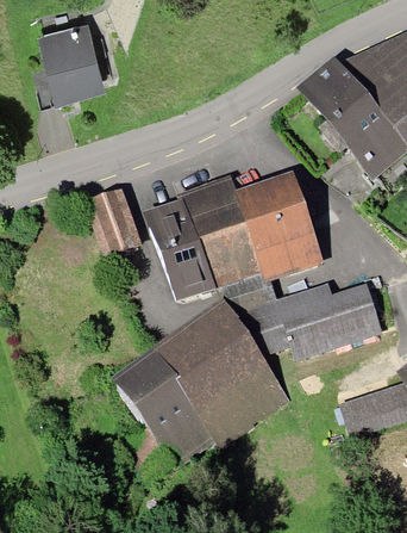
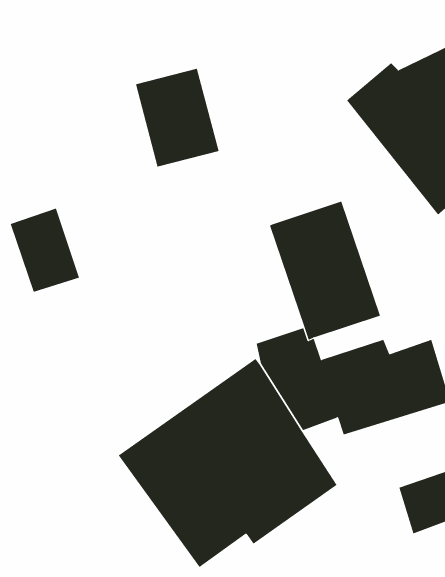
building: [37,25,106,106] -> [135,68,219,167]
building: [144,176,263,300] -> none
building: [84,186,142,255] -> [10,208,80,292]

